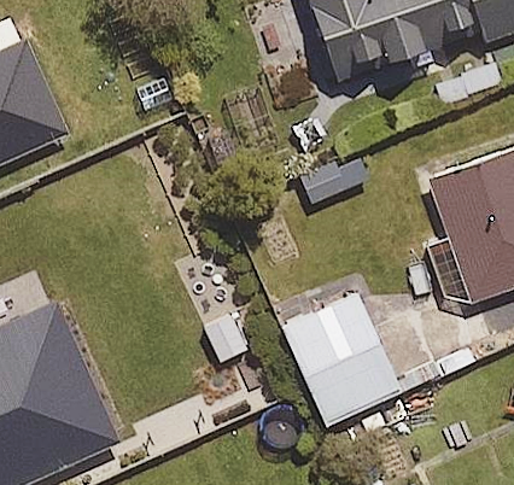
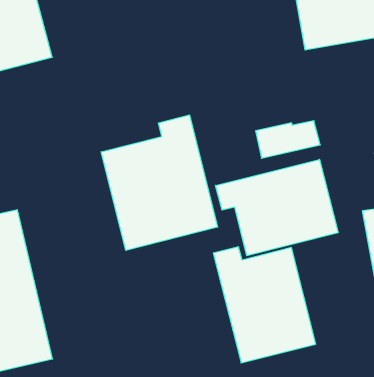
building: none -> [101,115,217,250]
building: none -> [216,159,338,256]

